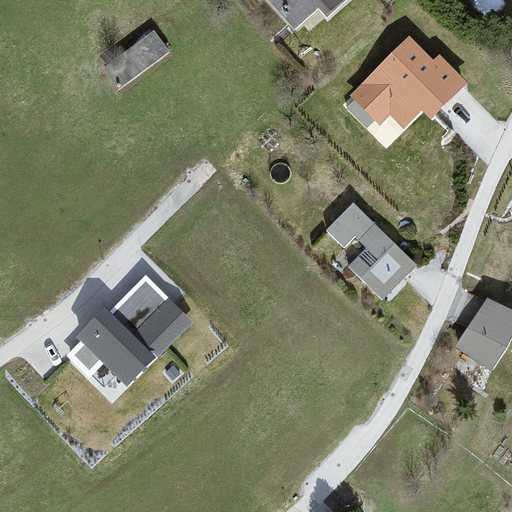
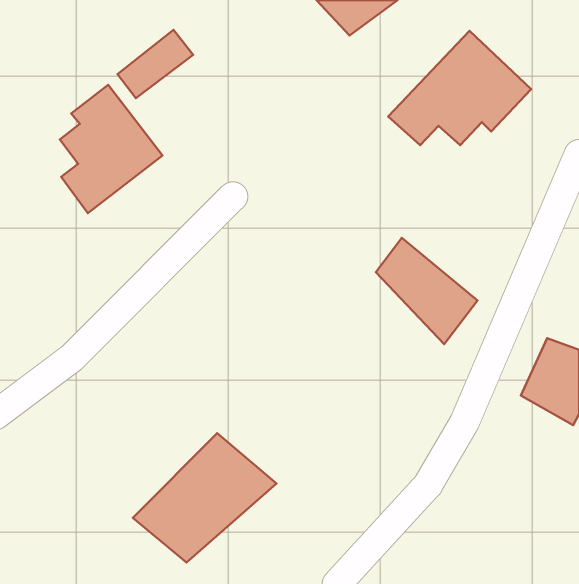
building: none -> [60,85,162,213]
building: [70,281,196,394] -> [133,433,277,562]

